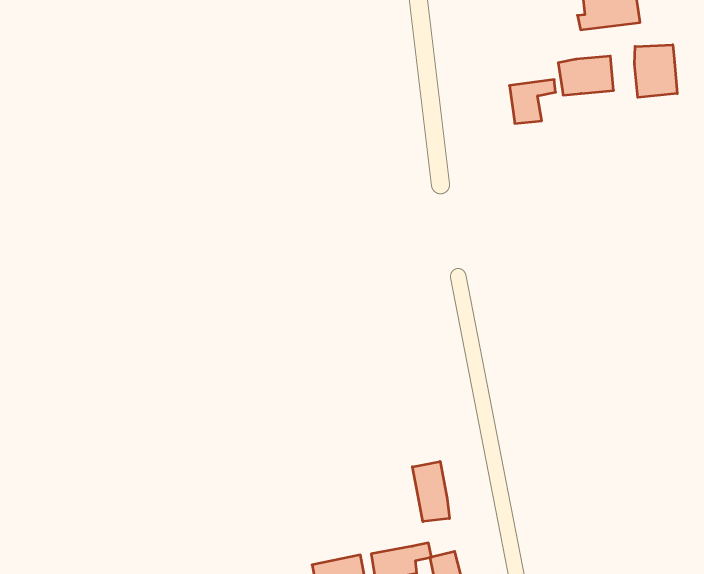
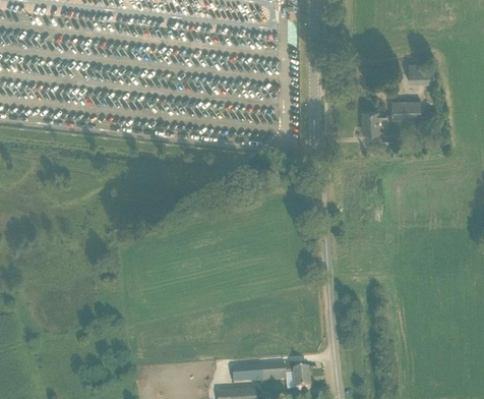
building: [635,45,677,97] -> none
building: [412,461,449,522] -> none

